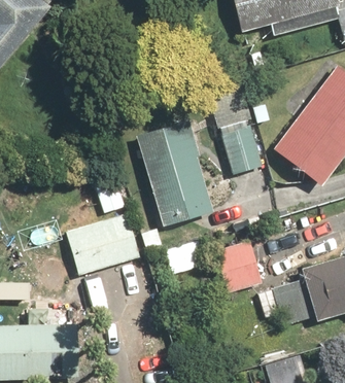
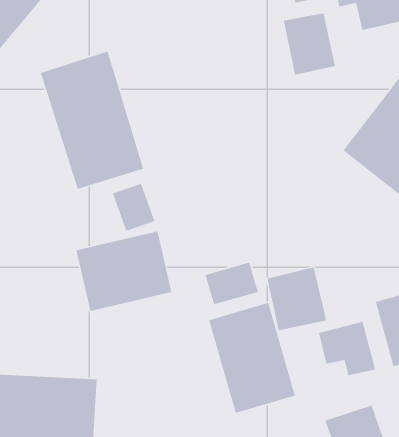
building: [133,118,216,230] -> [40,51,144,190]
building: [219,123,262,173] -> [283,12,336,76]
building: none -> [208,302,296,414]

